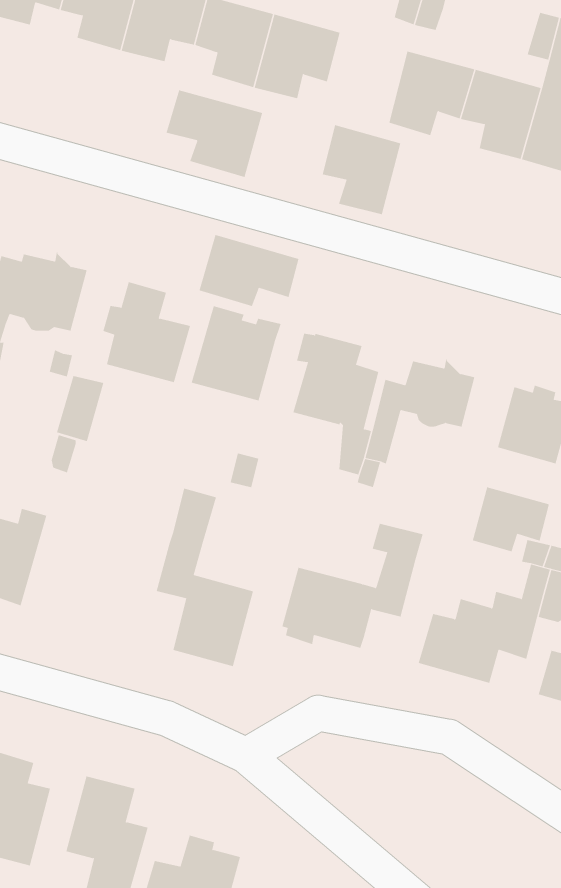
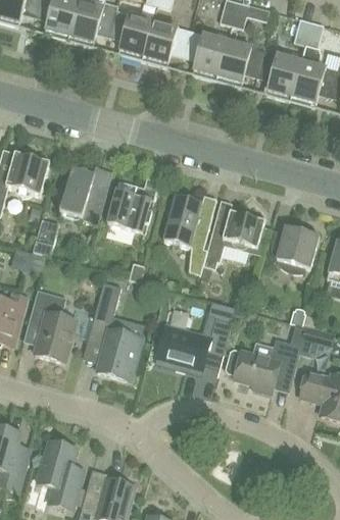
building: [166,90,263,178] -> none
building: [322,125,401,215] -> [183,29,227,79]
building: [199,234,299,307] -> none
building: [472,487,549,552] -> none
building: none -> [30,289,76,361]

